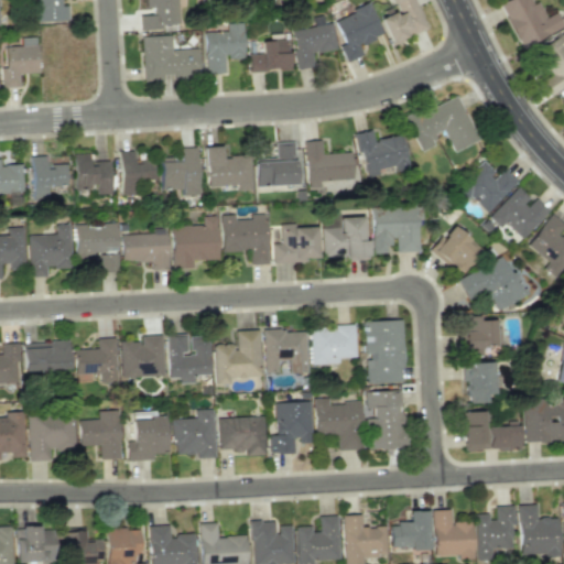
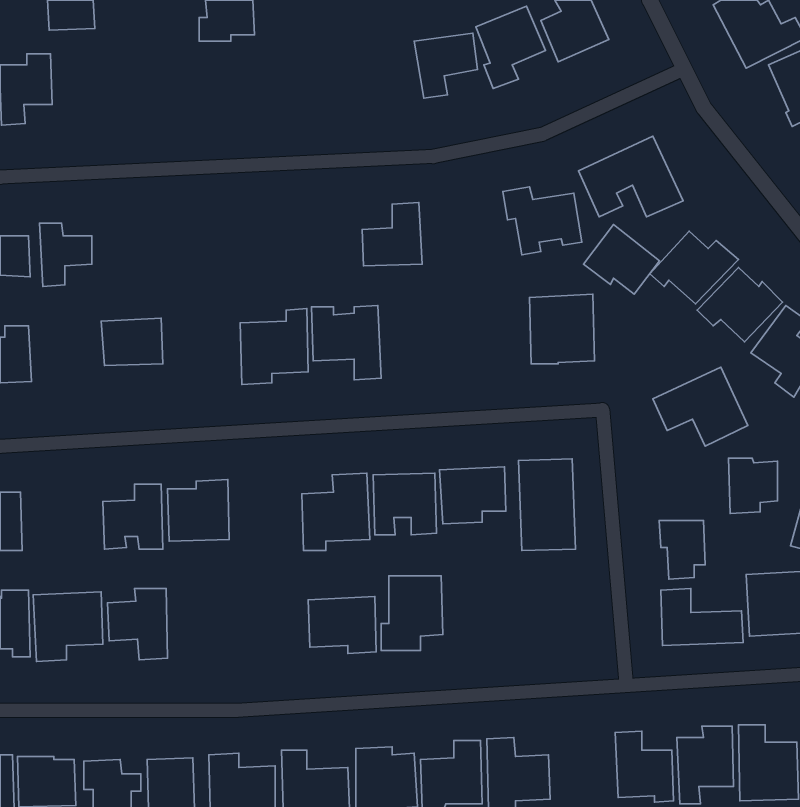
building: [207,23,247,74] -> none
building: [145,36,203,82] -> none
building: [251,40,292,72] -> none
building: [307,141,356,188] -> none
building: [208,147,254,192] -> none
building: [163,148,202,196] -> none
building: [122,151,158,195] -> none
building: [77,153,113,195] -> none
building: [324,217,371,262] -> none
building: [275,224,321,264] -> none
building: [30,225,73,278] -> none
building: [432,225,485,273] -> [584,224,659,294]
building: [123,228,170,271] -> none
building: [465,317,499,356] -> [729,458,778,514]
building: [169,335,213,384] -> none
building: [25,343,72,371] -> none
building: [368,392,406,449] -> none
building: [316,399,365,451] -> none
building: [175,410,217,458] -> none
building: [128,417,170,460] -> none
building: [392,511,432,550] -> none

